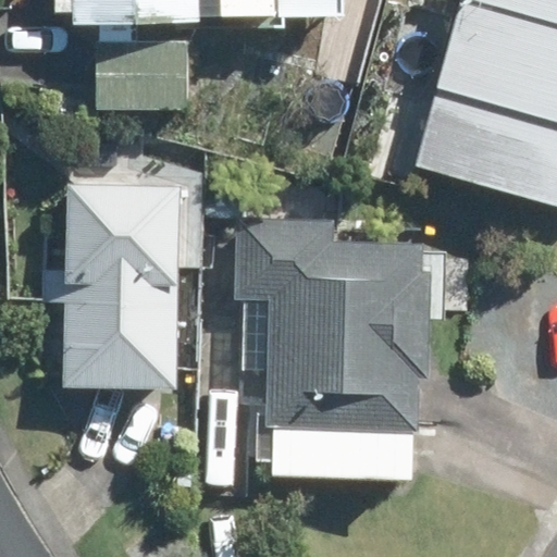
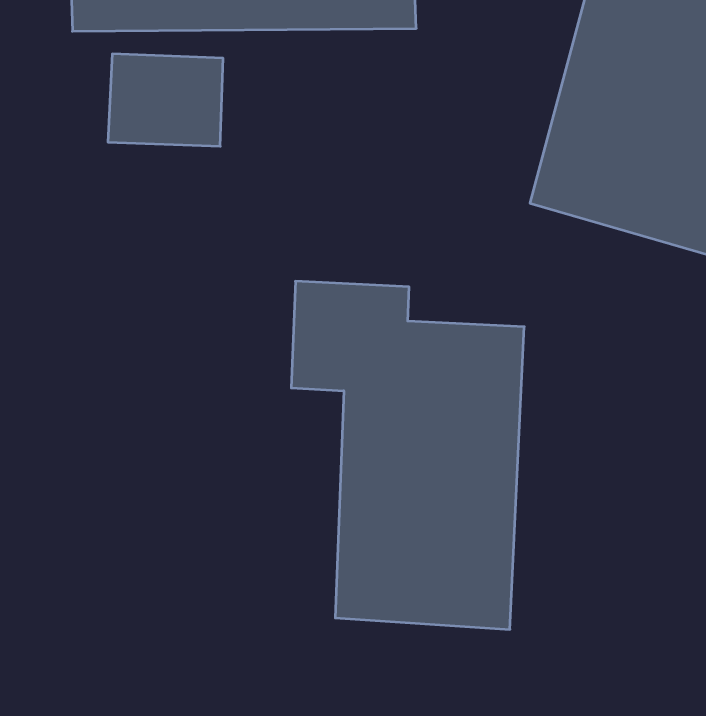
building: [45,180,182,394] -> none

